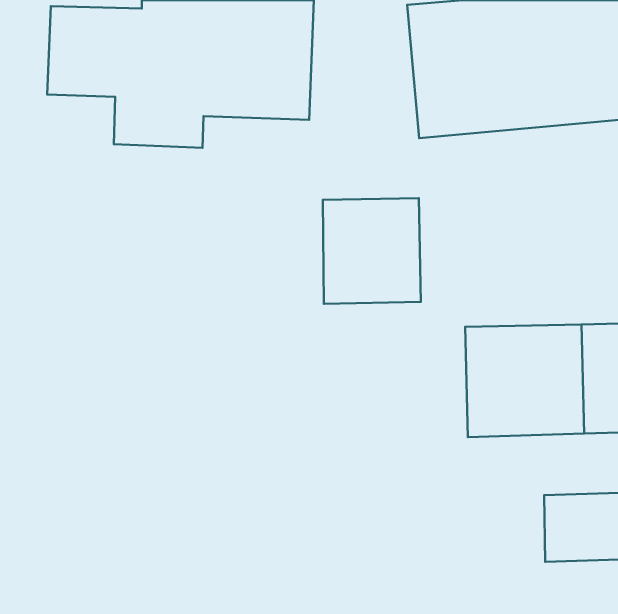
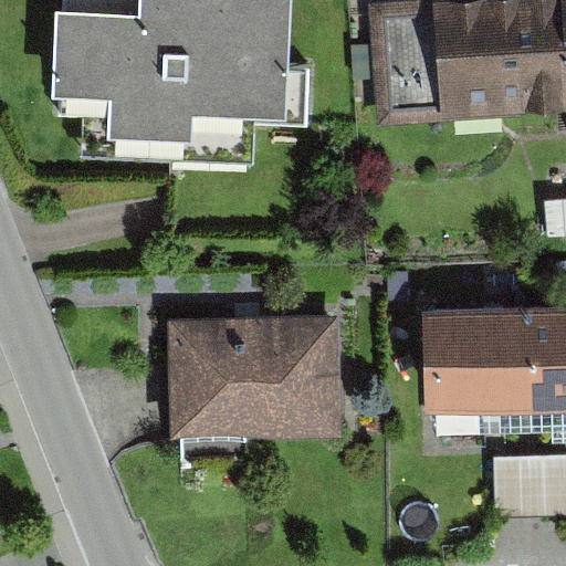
building: [323,198,421,304] -> none
building: none -> [172,314,349,439]

